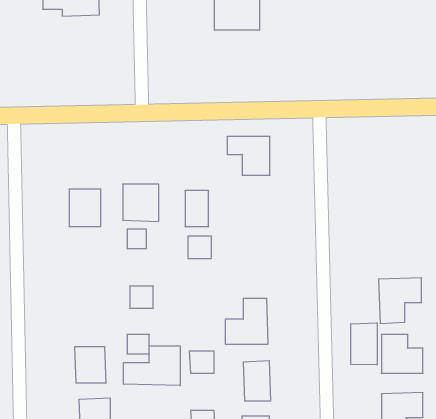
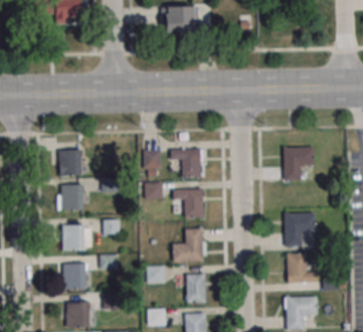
building: [227,136,270,175] -> [171,149,202,177]
building: [123,184,159,221] -> [58,184,84,211]
building: none -> [284,148,315,179]
building: none -> [174,189,203,217]
building: none -> [62,224,85,252]
building: [351,323,377,365] -> none
building: [124,346,180,386] -> none

